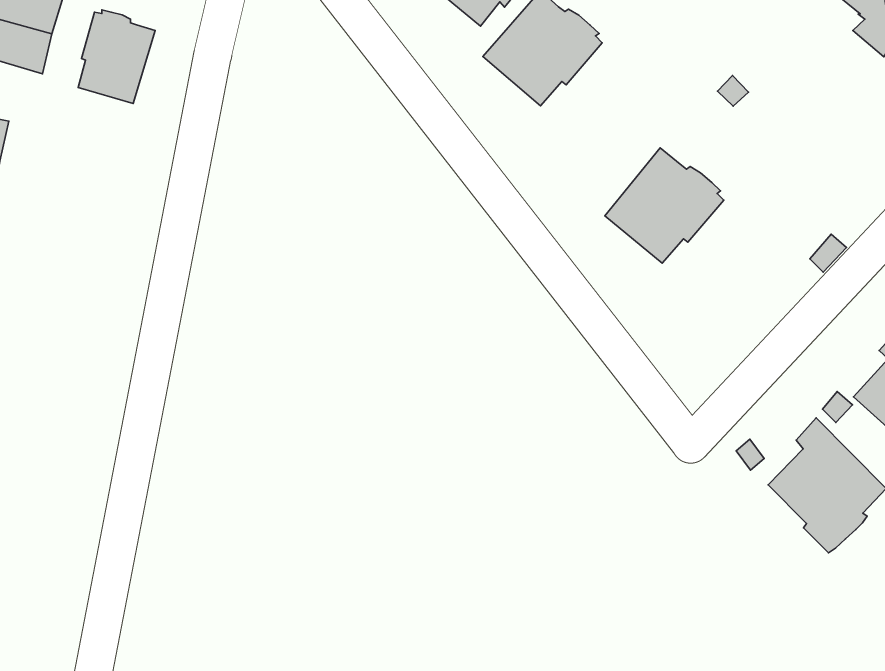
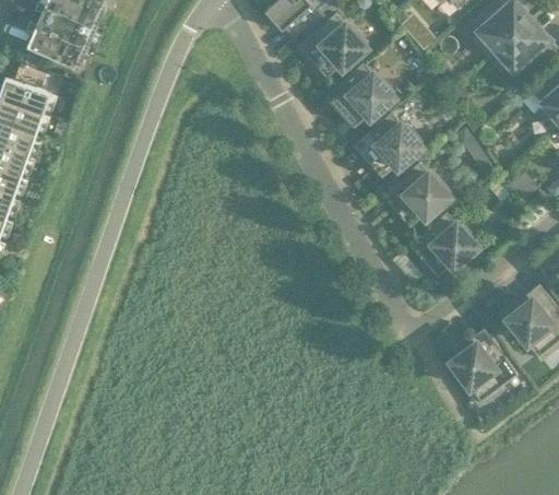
building: [78,10,155,104] -> none
building: none -> [354,111,421,176]
building: none -> [409,211,477,275]

